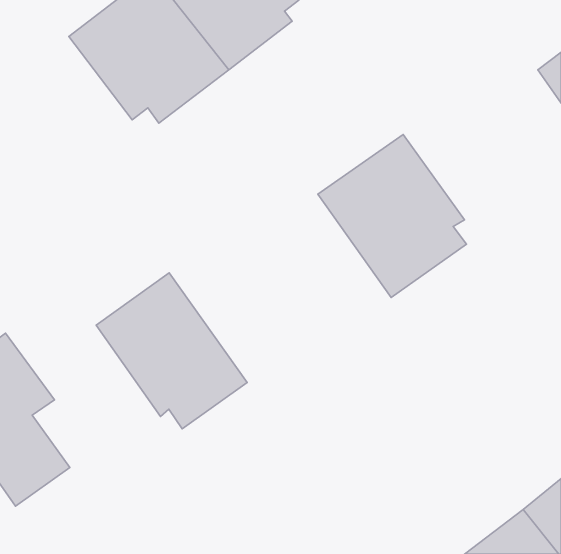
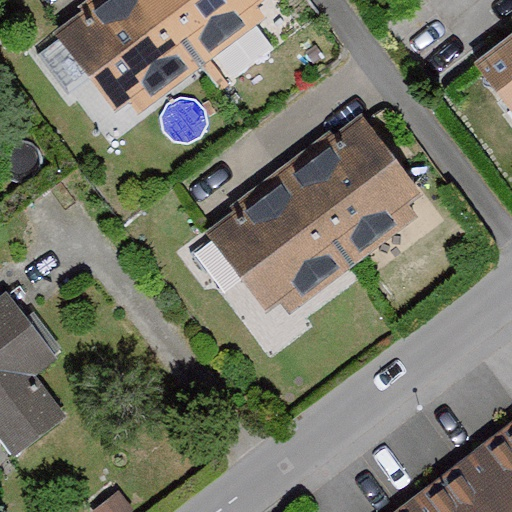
building: none -> [209,175,352,309]
building: [96,273,247,429] -> none

